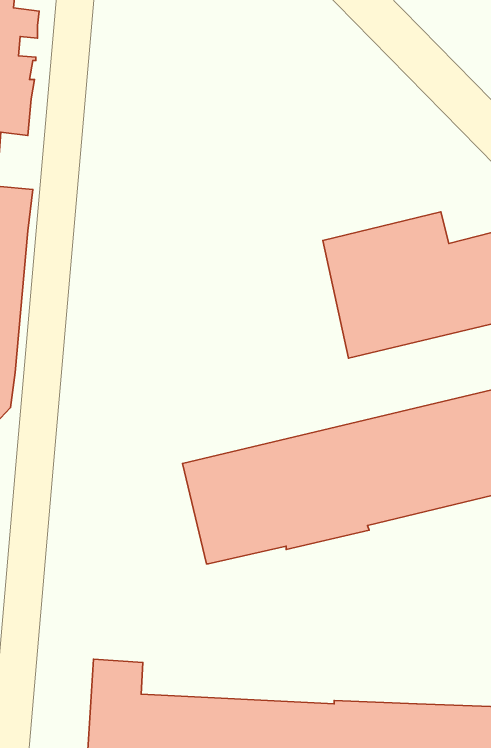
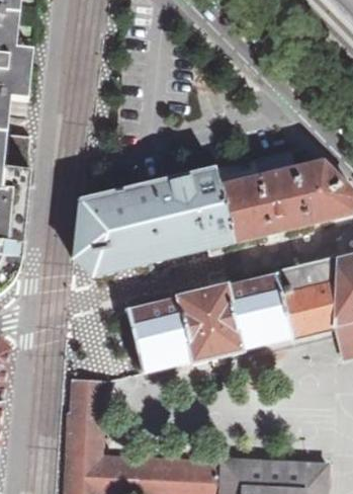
building: none -> [73,167,231,275]
building: none -> [69,380,103,435]

